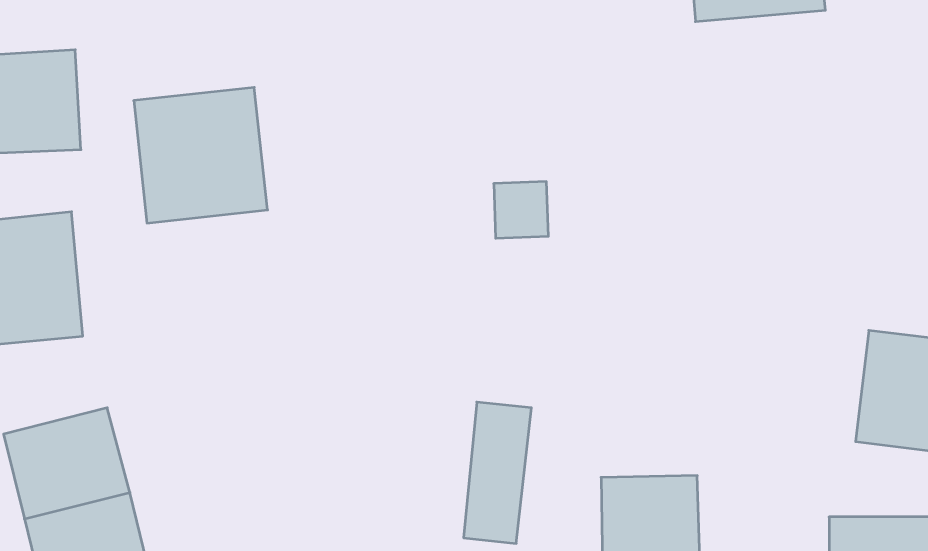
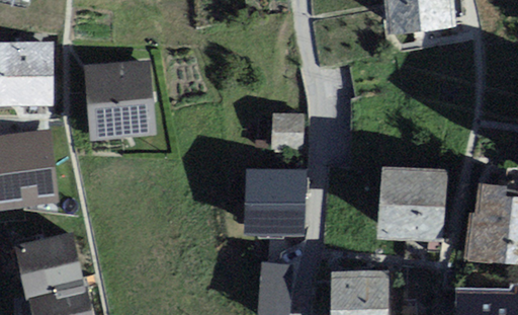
building: none -> [380,169,443,233]
building: none -> [247,173,308,229]

